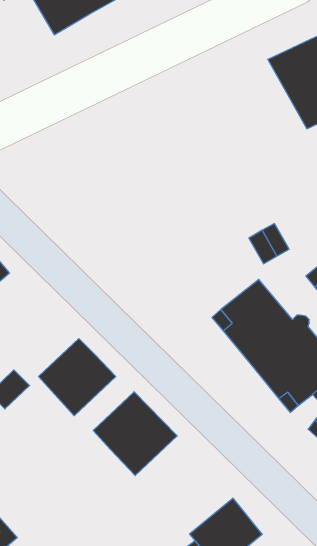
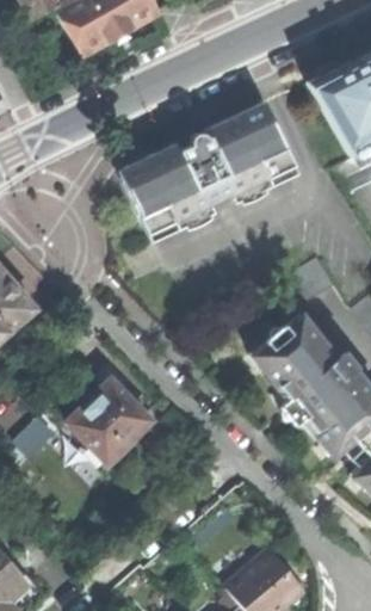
building: none -> [132,101,299,241]
building: [93,392,177,476] -> none

